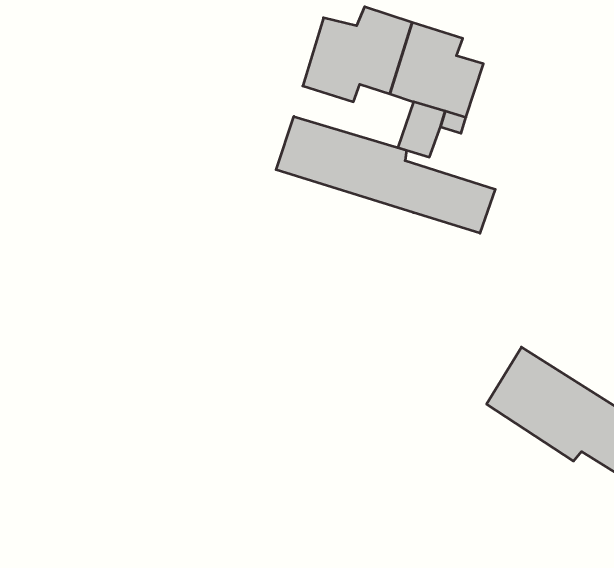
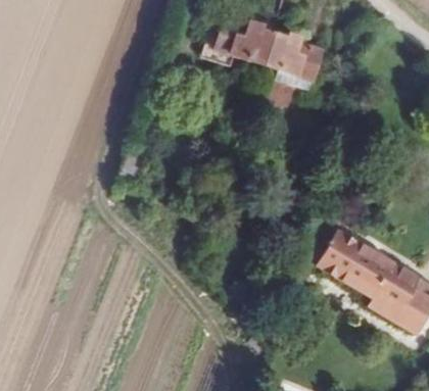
building: [276,116,495,233] -> none

